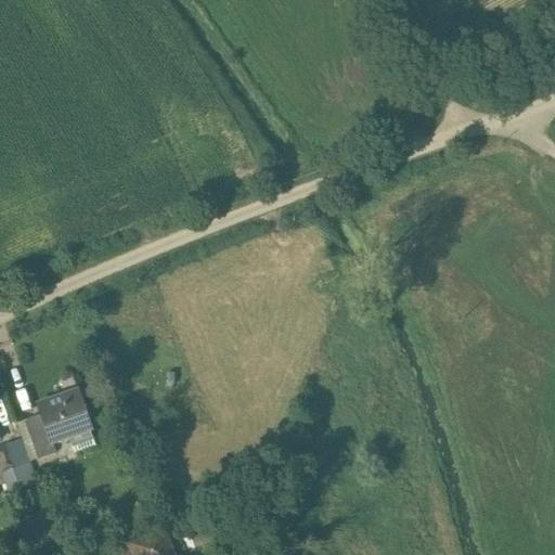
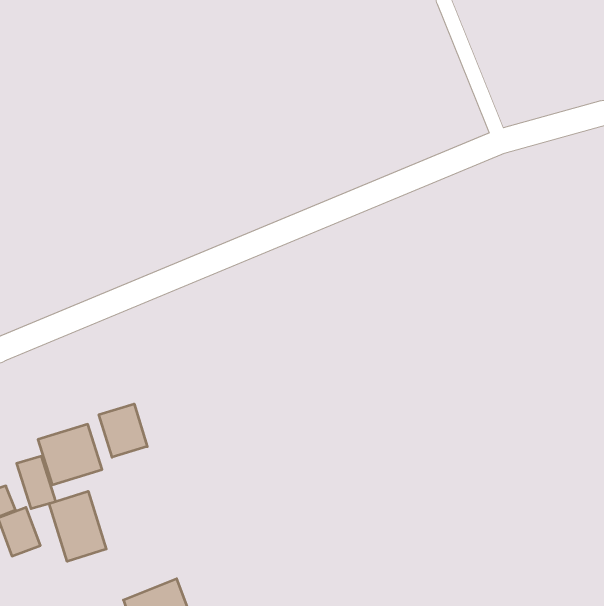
building: none -> [99,404,147,457]
building: none -> [49,491,106,561]

